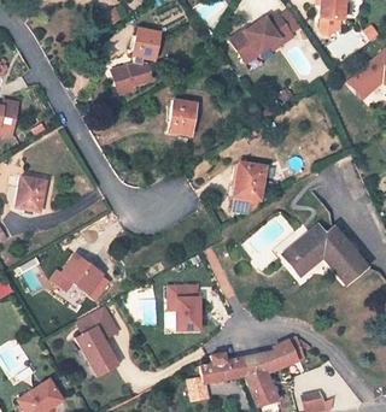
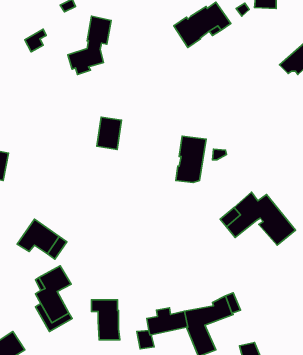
building: [168,99,195,135] -> [97,117,122,149]
building: [168,286,199,330] -> [92,300,120,340]

